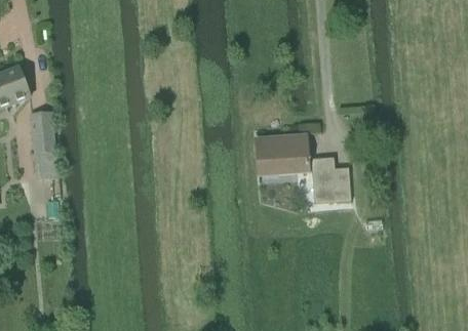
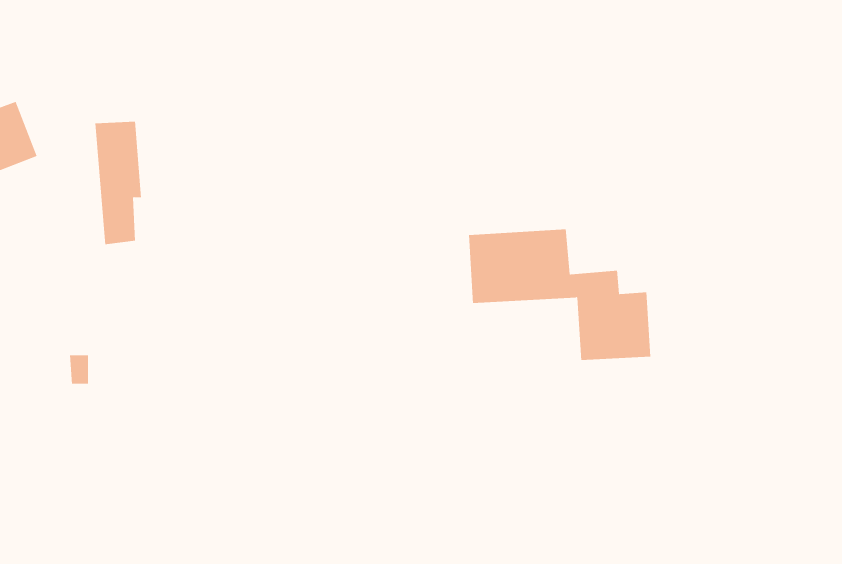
building: [31,111,55,175] -> [95,121,142,245]

